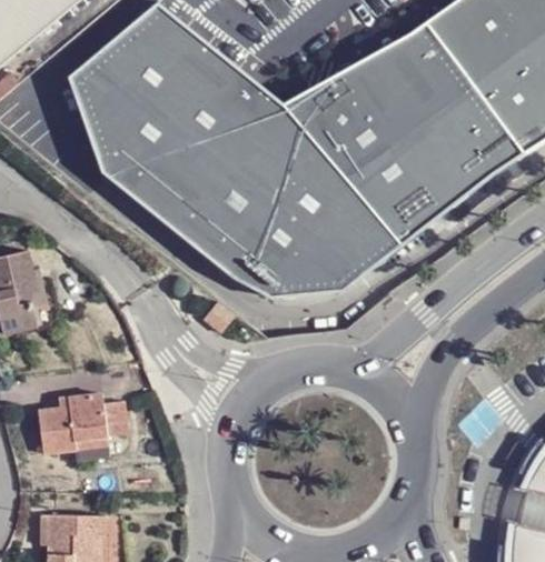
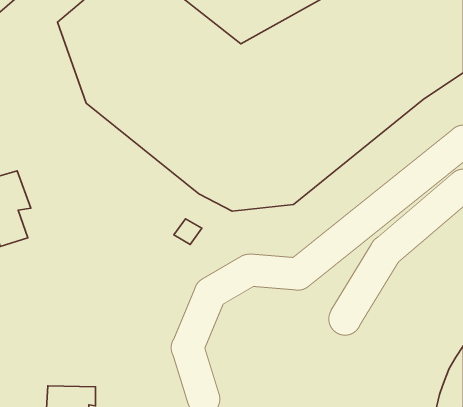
building: [32,390,127,455] -> none

